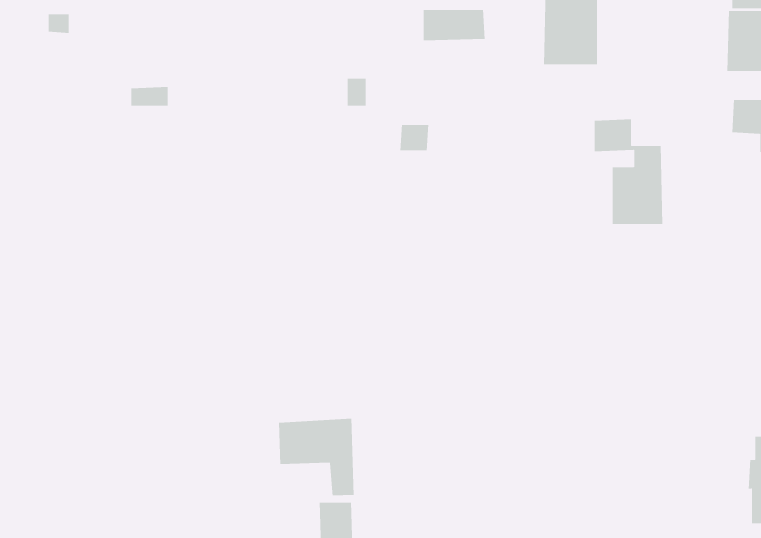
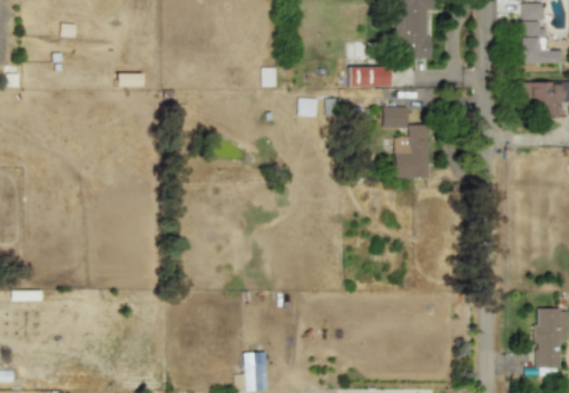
building: [423,9,485,41] -> [349,66,391,87]
building: [594,119,663,225] -> [383,106,430,177]
building: [278,418,354,496] -> none

